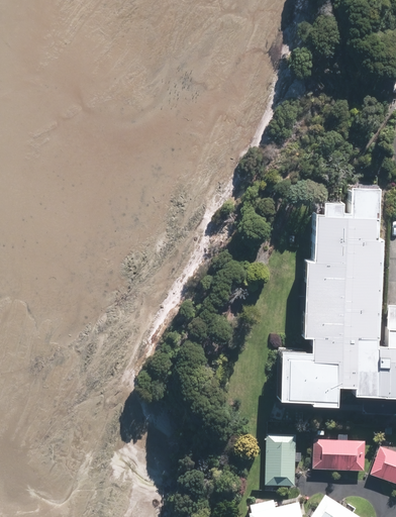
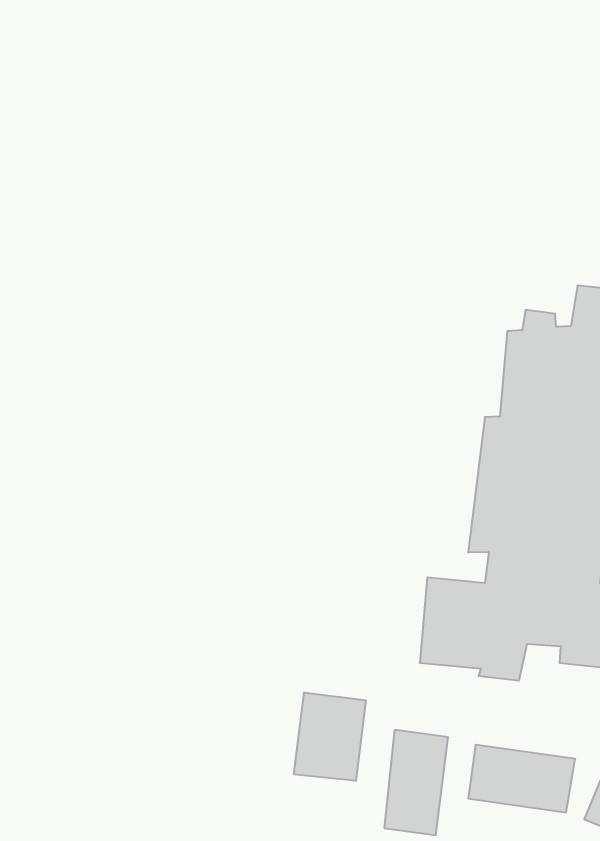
building: none -> [294,692,366,781]

